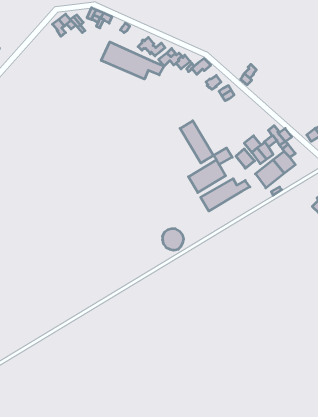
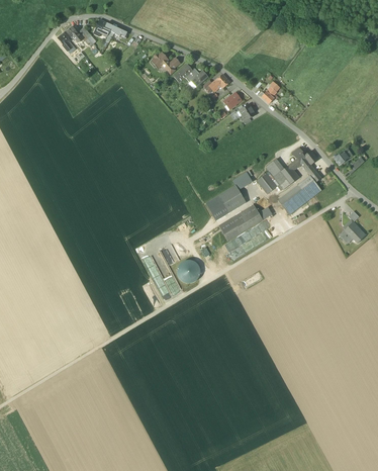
building: [101,42,164,79] -> none
building: [180,121,214,163] -> none

